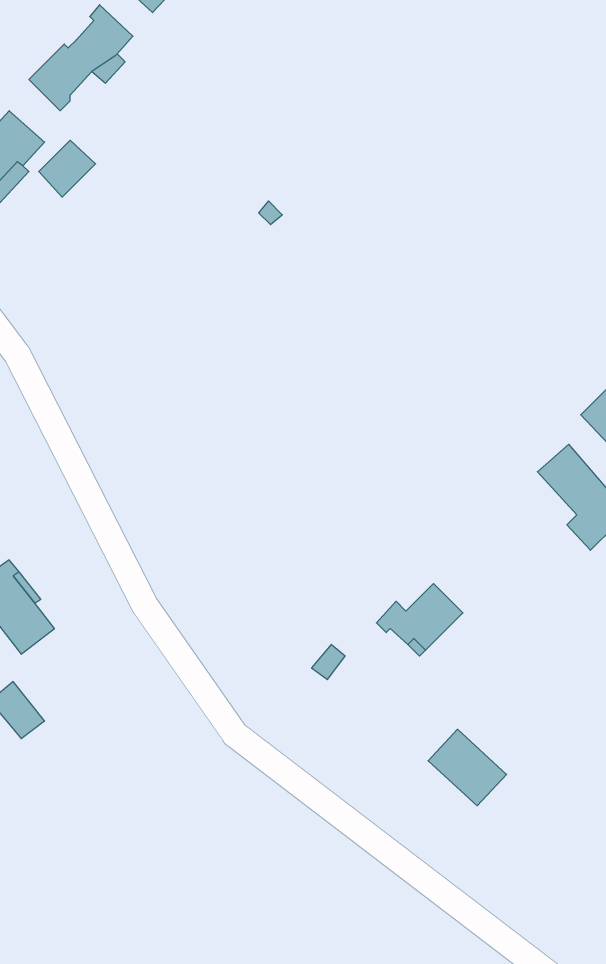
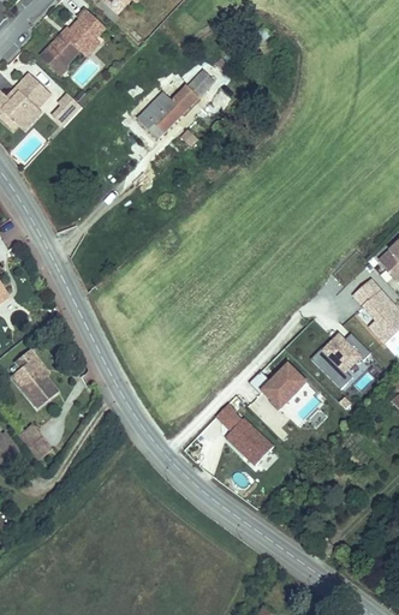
building: none -> [137,70,214,138]
building: none -> [310,332,370,388]
building: [428,729,507,806] -> [225,417,273,464]

